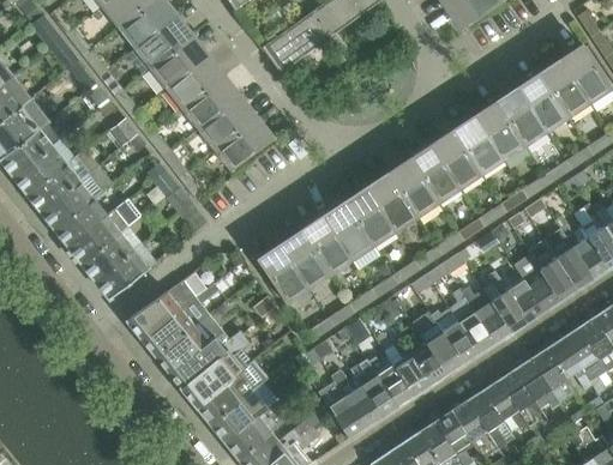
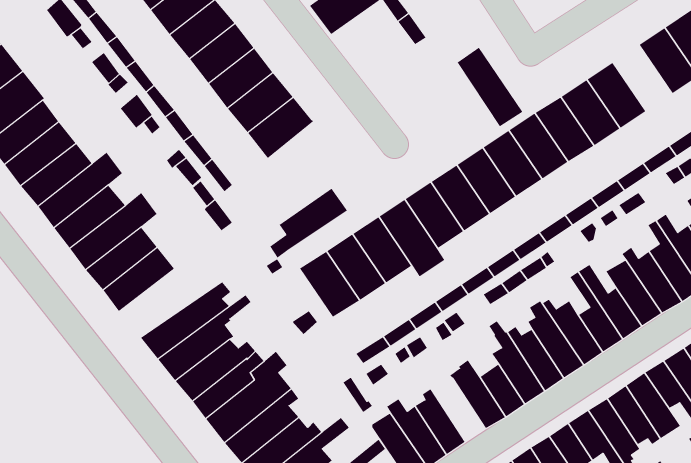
building: [518,76,567,131] -> none
building: none -> [457,47,523,127]
building: none -> [270,188,348,258]
building: [367,352,413,405] -> none

